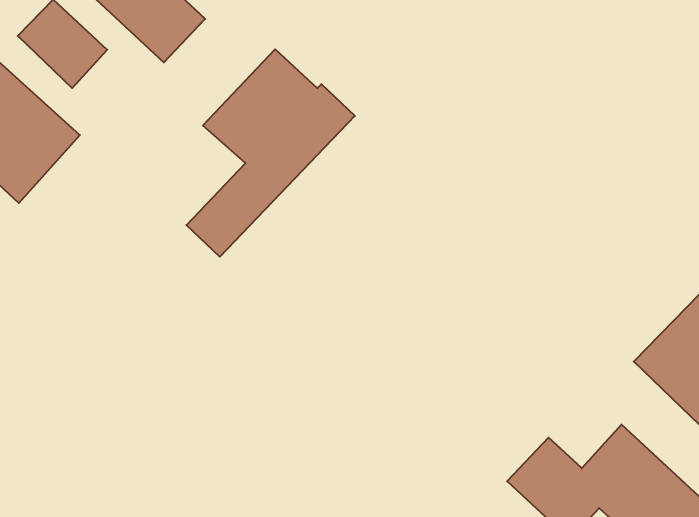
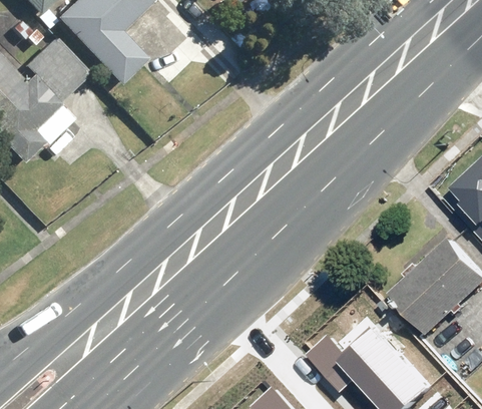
building: [186,49,355,257] -> none

